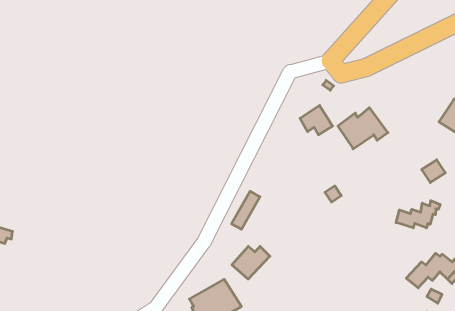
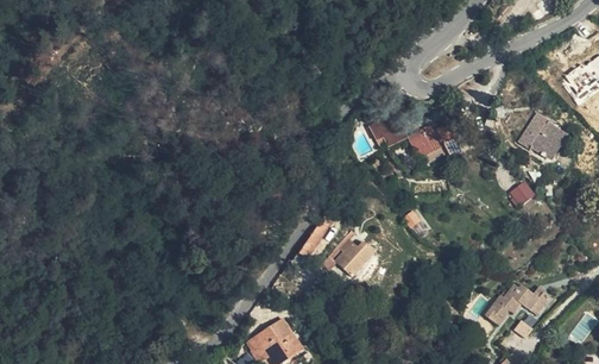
building: [396,201,440,228] -> none
building: [232,246,270,279] -> [336,238,378,274]

